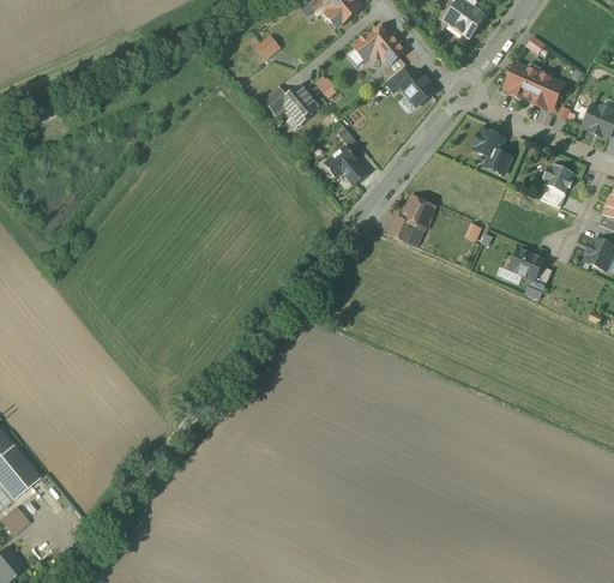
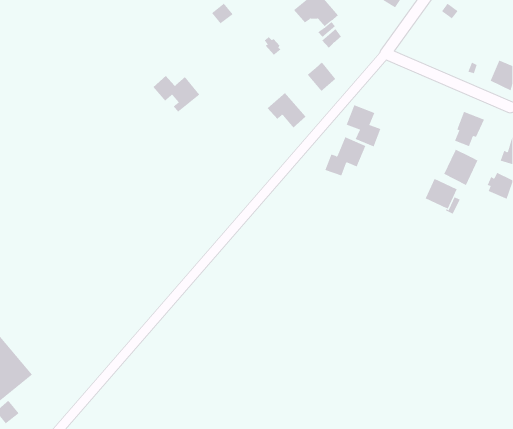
building: [502,62,567,115] -> none
building: [398,68,433,104] -> [307,62,336,92]
building: [263,84,319,128] -> [153,75,200,113]
building: [471,127,513,178] -> [346,105,381,147]
building: none -> [443,149,478,186]

